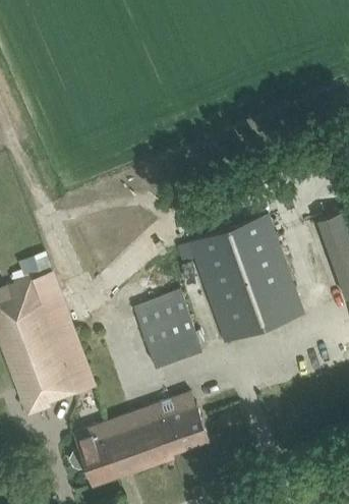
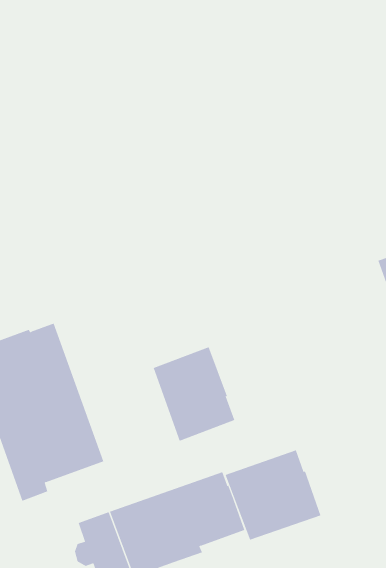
building: [176,215,303,342] -> none
building: none -> [225,450,321,541]

